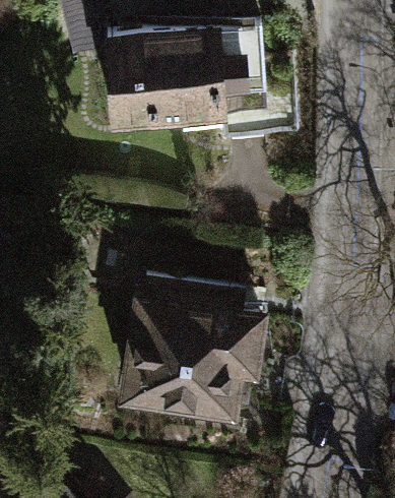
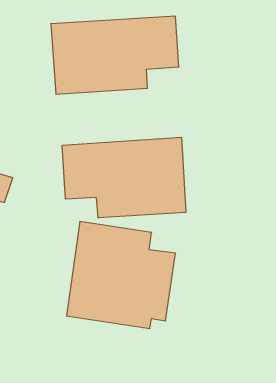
building: none -> [62,137,186,218]

